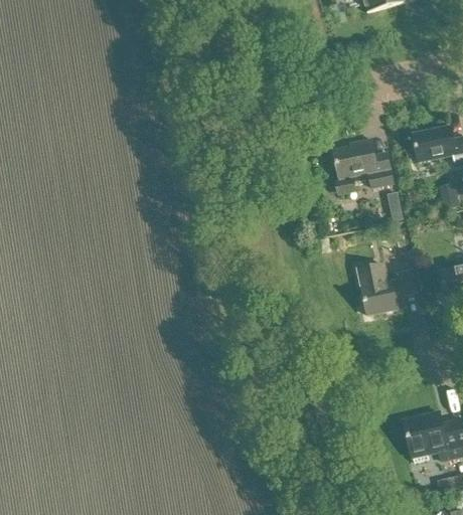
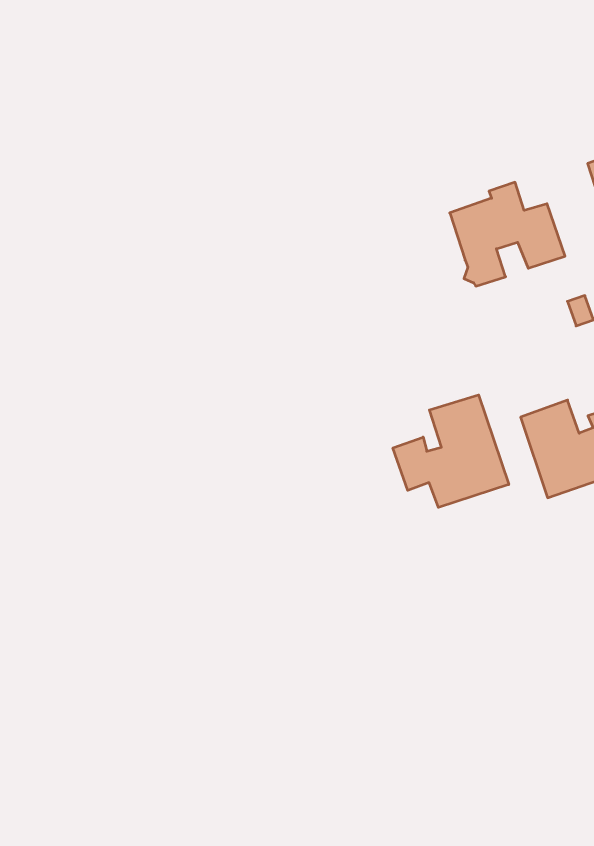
building: none -> [393,395,509,507]

